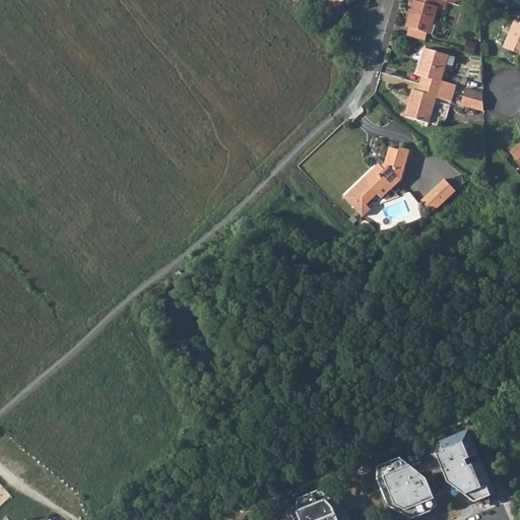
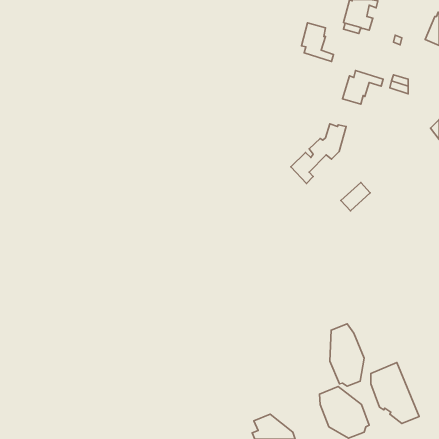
building: [416,48,454,93] -> [302,23,333,61]
building: [424,178,458,211] -> [341,183,370,211]
building: none -> [330,324,364,386]

